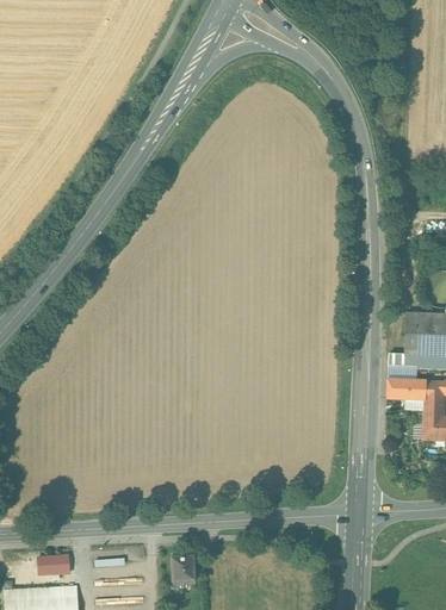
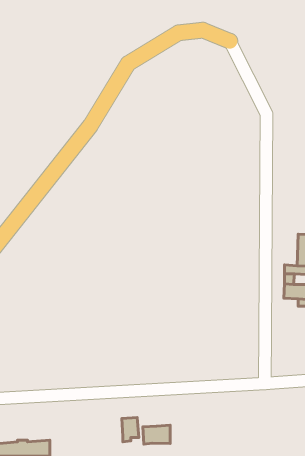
building: [37,555,69,574] -> none
building: none -> [143,425,170,444]

